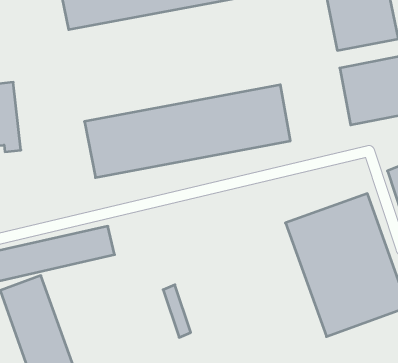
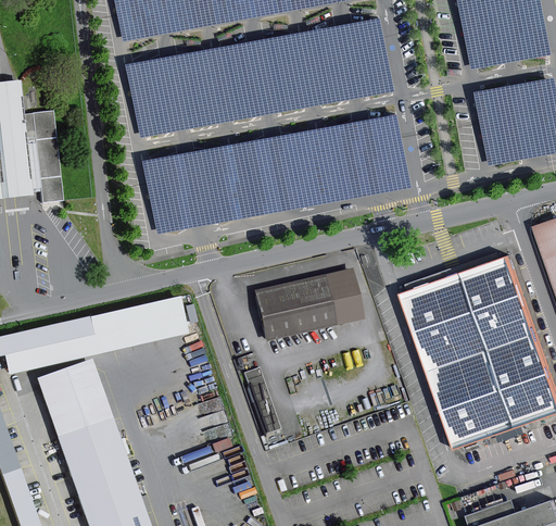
building: none -> [128,16,395,137]
building: none -> [252,268,361,342]

